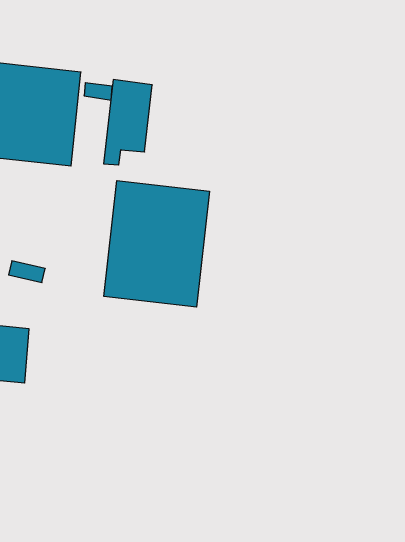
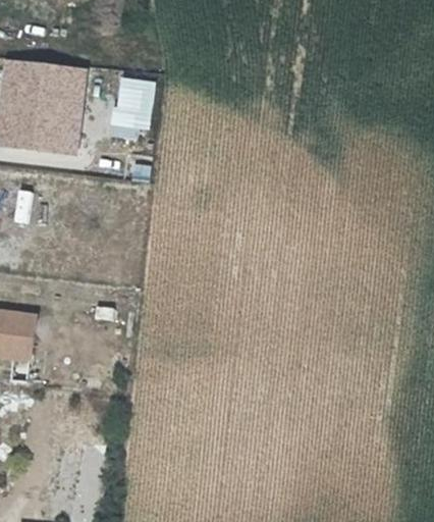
building: [104,181,209,307] -> none

